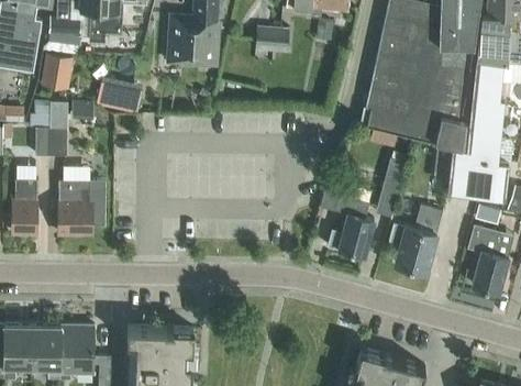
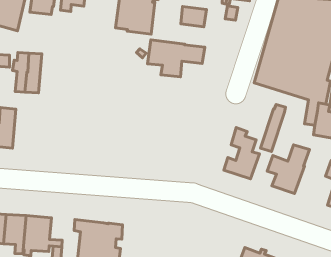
building: [42,54,74,89] -> none
building: none -> [148,40,205,77]
building: [98,81,143,114] -> none
building: [59,180,107,234] -> none

